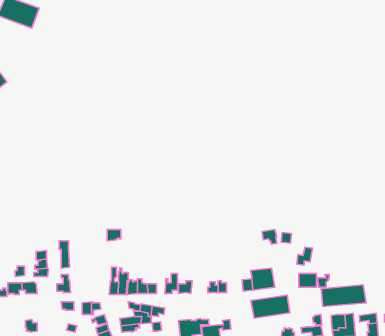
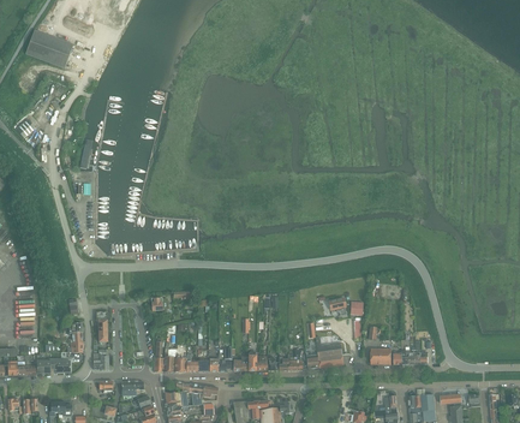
building: [321,285,366,307] -> none
building: [251,295,290,318] -> none

